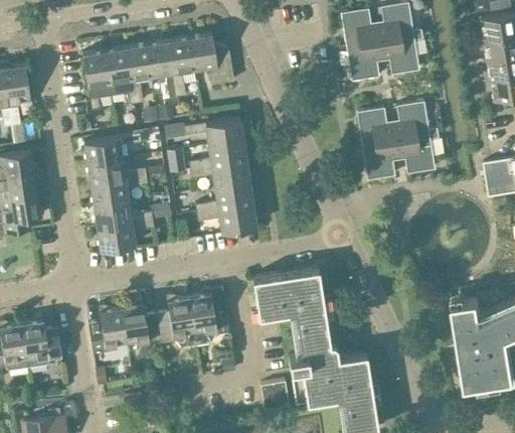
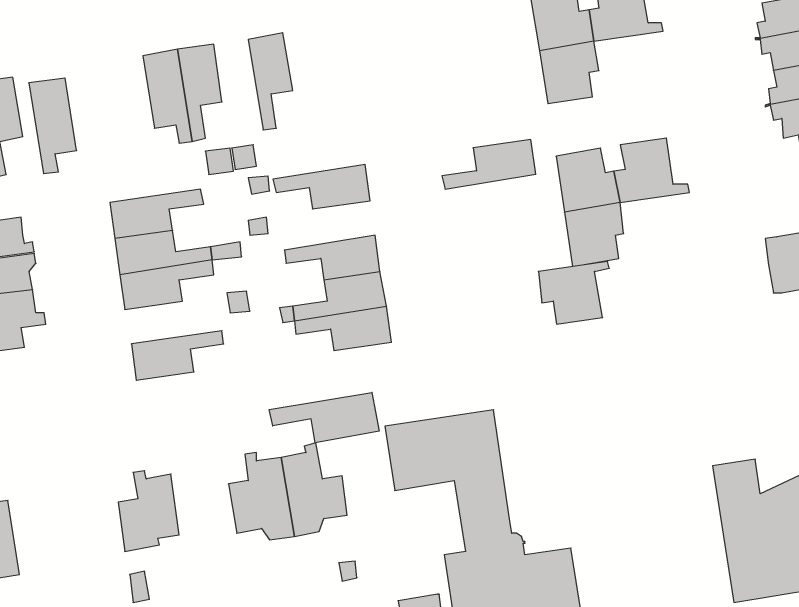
building: [189,34,233,86] -> none
building: [379,36,422,75] -> none
building: [147,41,177,98] -> none
building: [81,51,111,110] -> [29,78,77,174]
building: [395,135,439,173] -> [538,262,609,324]
building: [188,140,245,170] -> [442,140,536,189]
building: [93,201,152,228] -> none
building: none -> [269,392,379,443]
building: [121,299,161,346] -> none
building: [21,315,61,369] -> none

